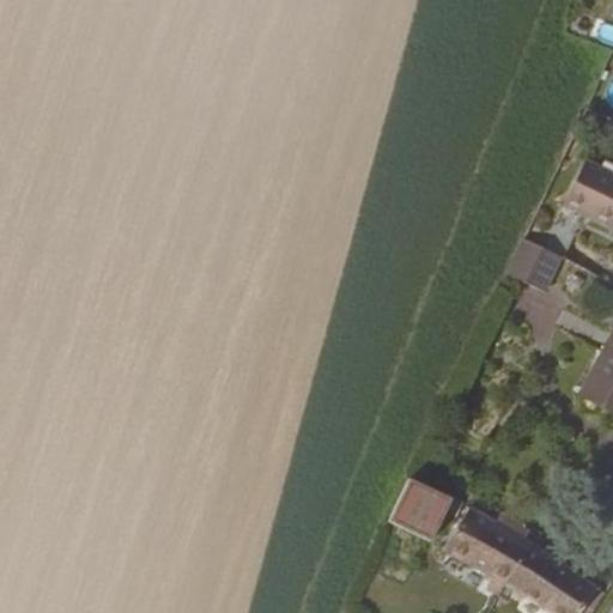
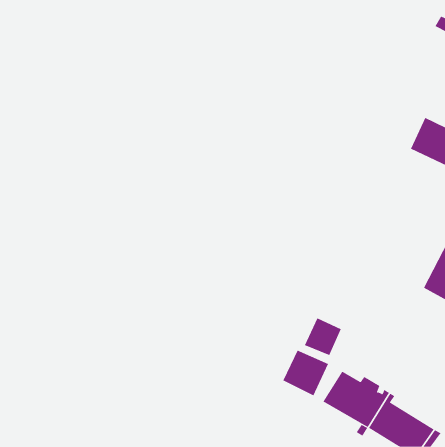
building: [508,237,562,292] -> none
building: none -> [304,317,341,356]

